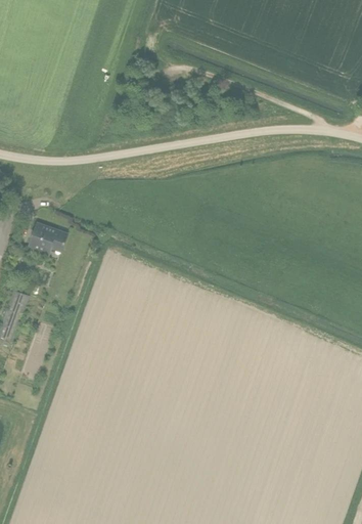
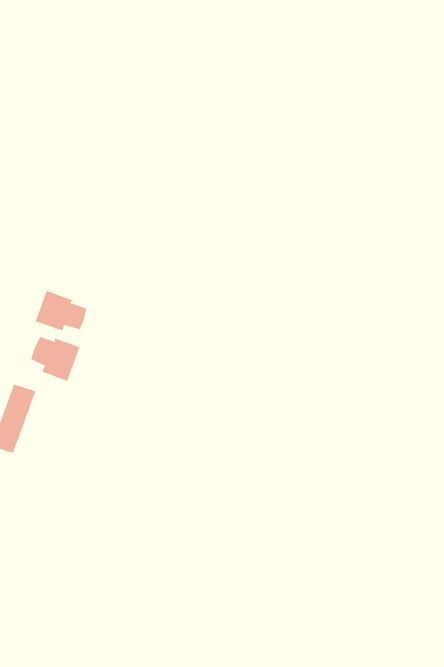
building: none -> [31,336,80,382]

